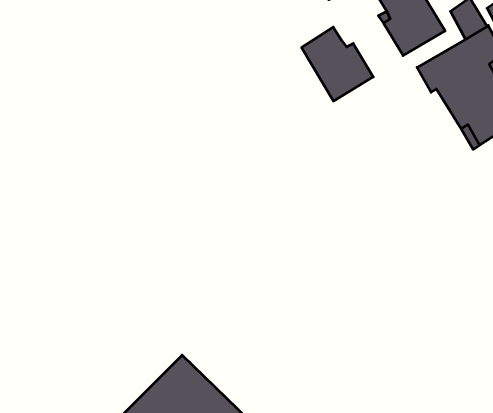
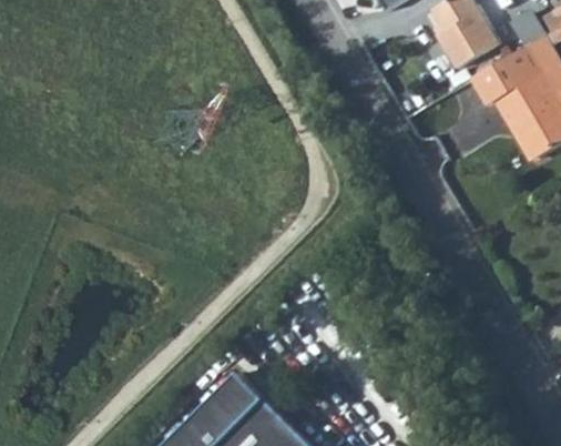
building: [302,27,373,101] -> none

